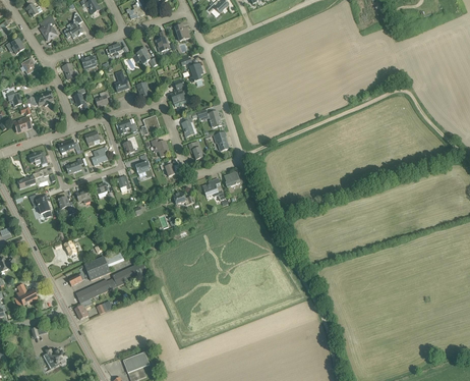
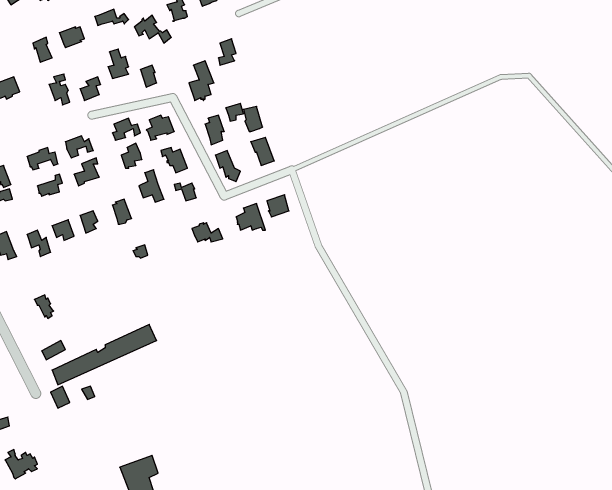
building: [79,256,110,280] -> none

